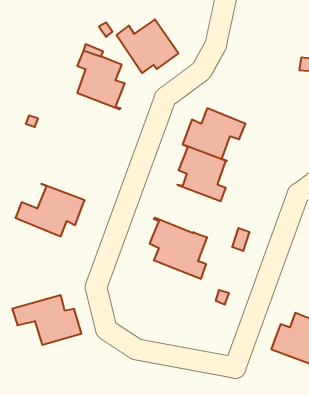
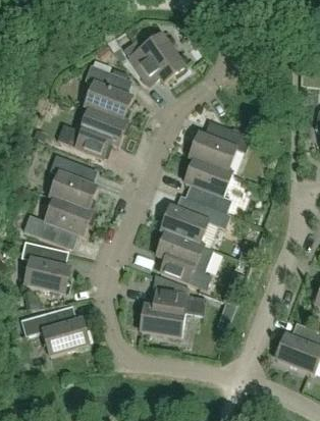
building: none -> [56,106,125,157]
building: none -> [48,154,96,212]
building: none -> [160,197,229,245]
building: none -> [19,241,69,293]
building: none -> [140,291,205,337]

